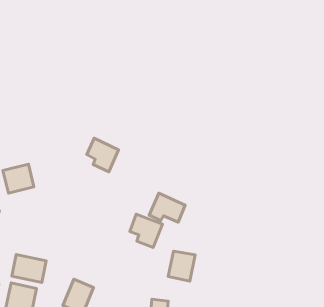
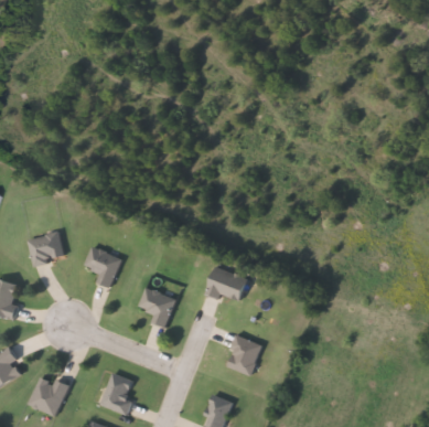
building: [87,138,119,172] -> [84,245,122,286]
building: [130,214,162,248] -> [138,286,178,327]
building: [12,255,46,282] -> none

